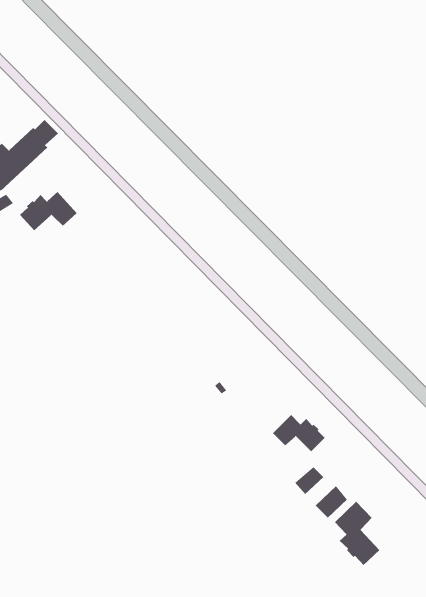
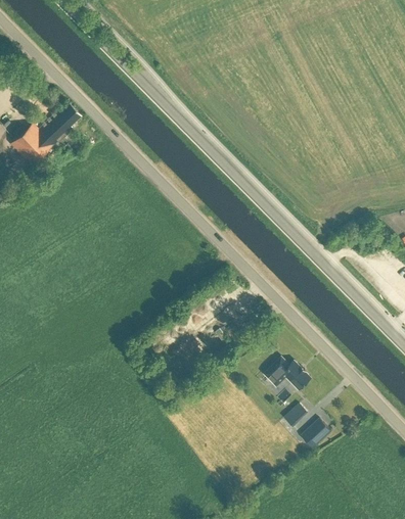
building: [19,191,77,231] -> none
building: [334,501,380,566] -> none

